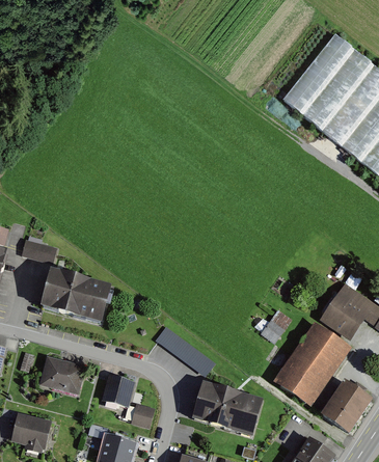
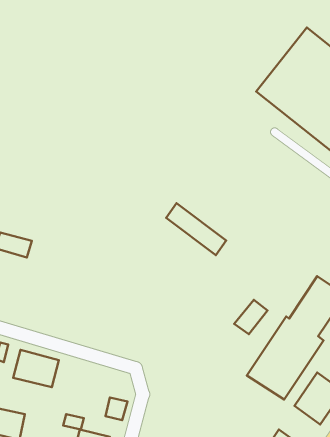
building: [39,270,108,322] -> none
building: [155,325,215,377] -> [166,203,226,255]
building: [101,376,134,406] -> none
building: [191,382,263,435] -> none

